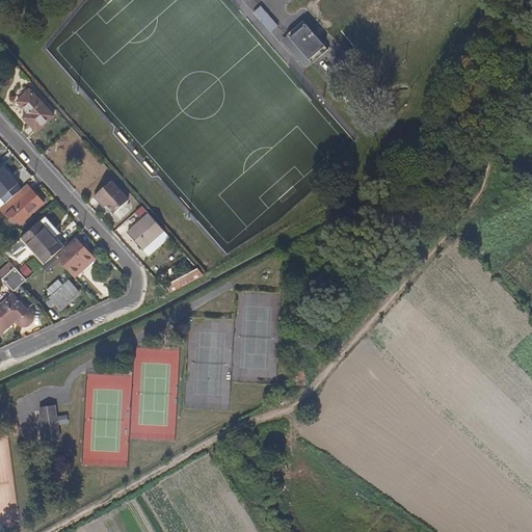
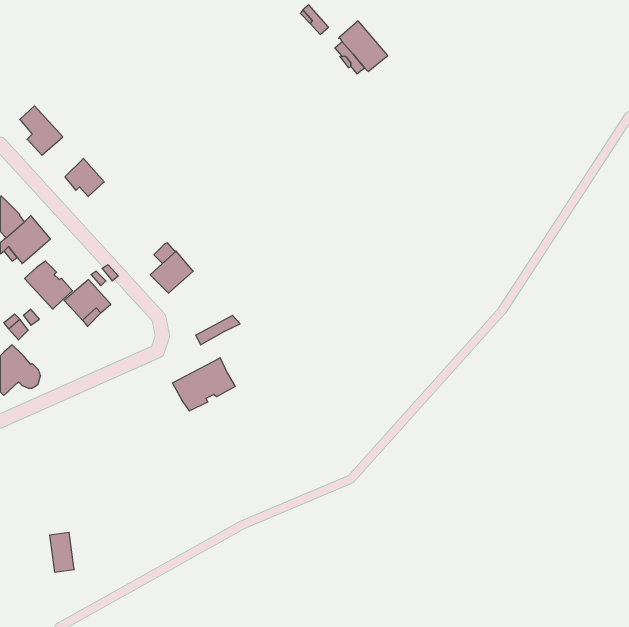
building: [94,180,127,212] -> [65,158,104,197]
building: [46,278,79,308] -> none
building: none -> [173,358,235,411]
building: [41,407,61,441] -> [50,533,74,572]

